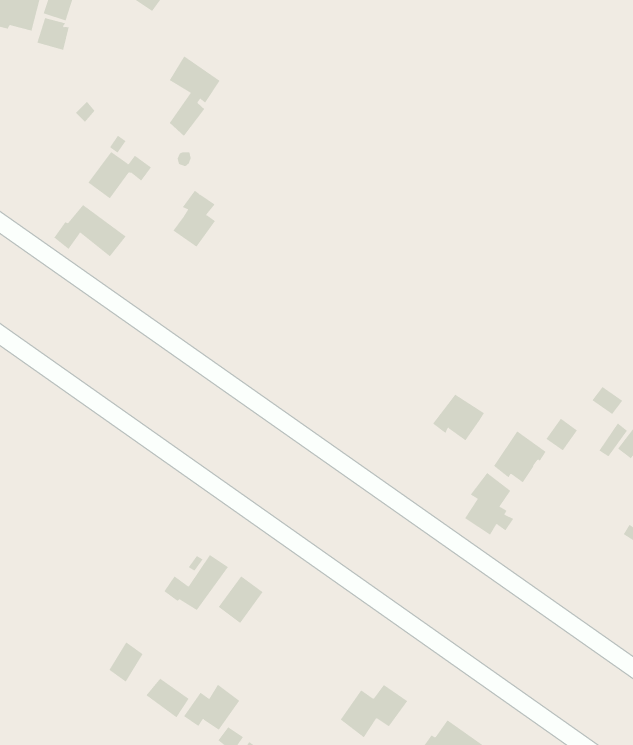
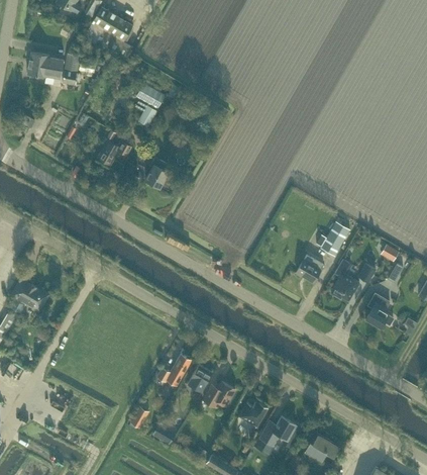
building: [54,204,126,257] -> none
building: none -> [315,221,348,255]
building: [464,472,514,535] -> [364,294,392,328]
building: none -> [238,402,266,428]
building: [183,684,240,730] -> [204,382,234,407]

